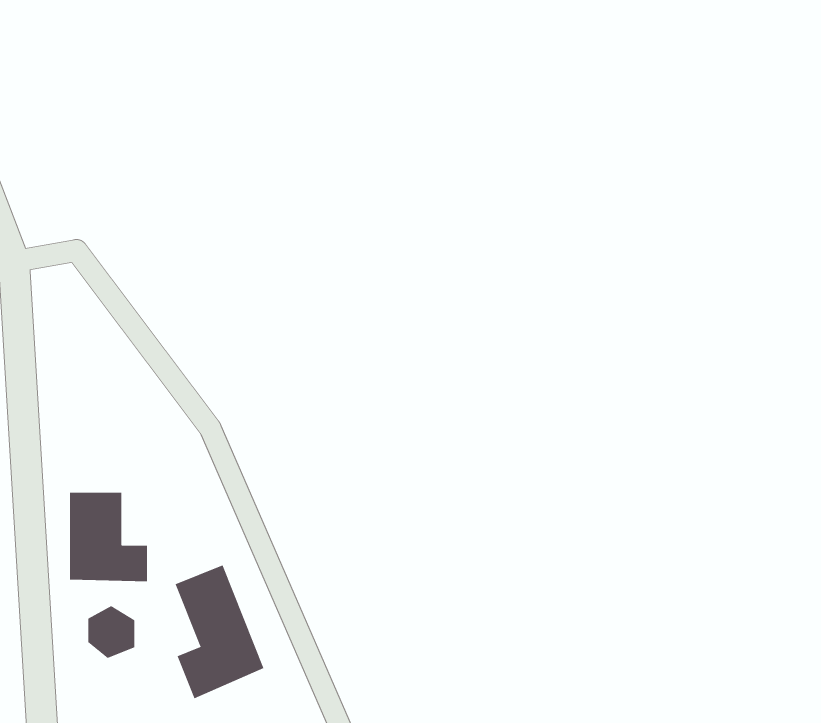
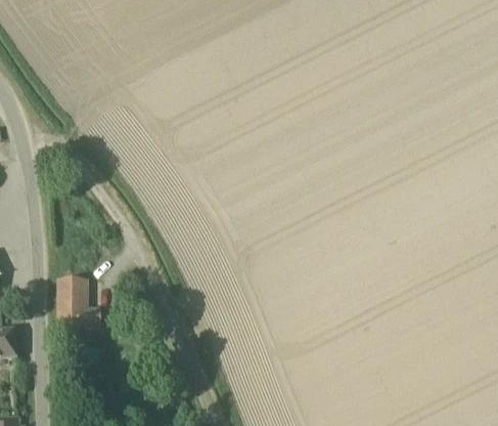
building: [175,565,264,699] -> none

